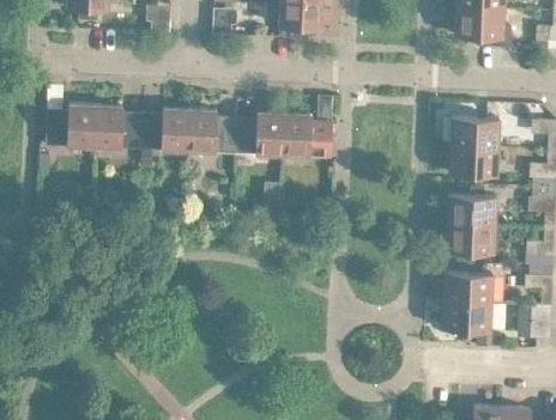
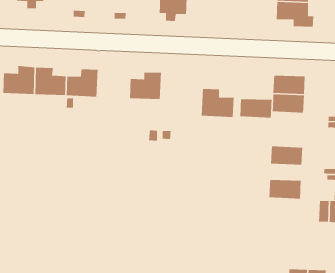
building: [188,109,237,153] -> none
building: [283,112,333,157] -> [201,88,234,118]
building: [448,195,497,225] -> [239,98,272,119]
building: [443,300,492,330] -> none

